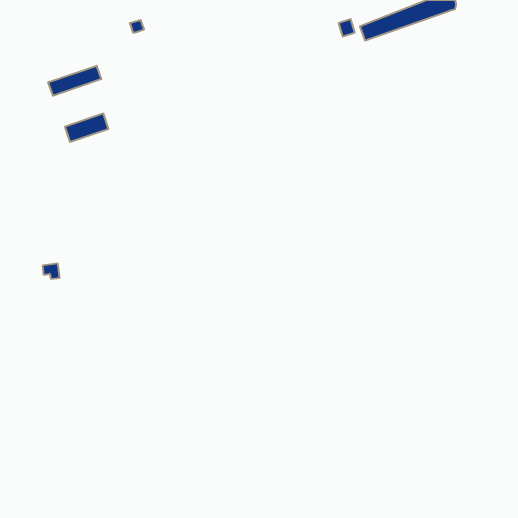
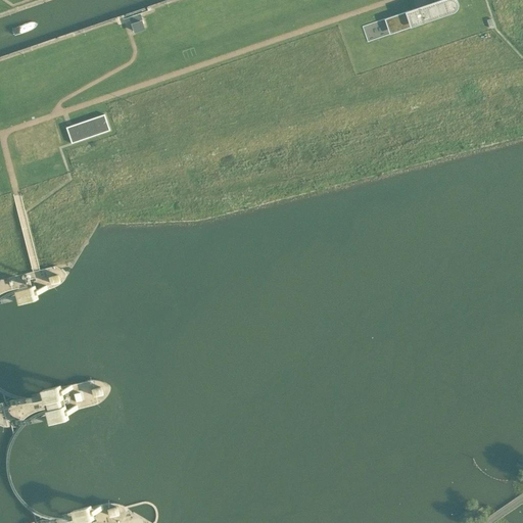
building: [48,66,101,96] -> none

